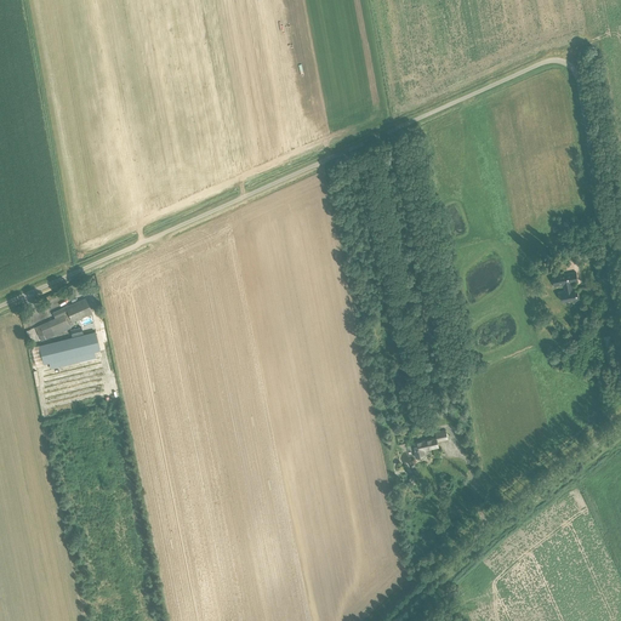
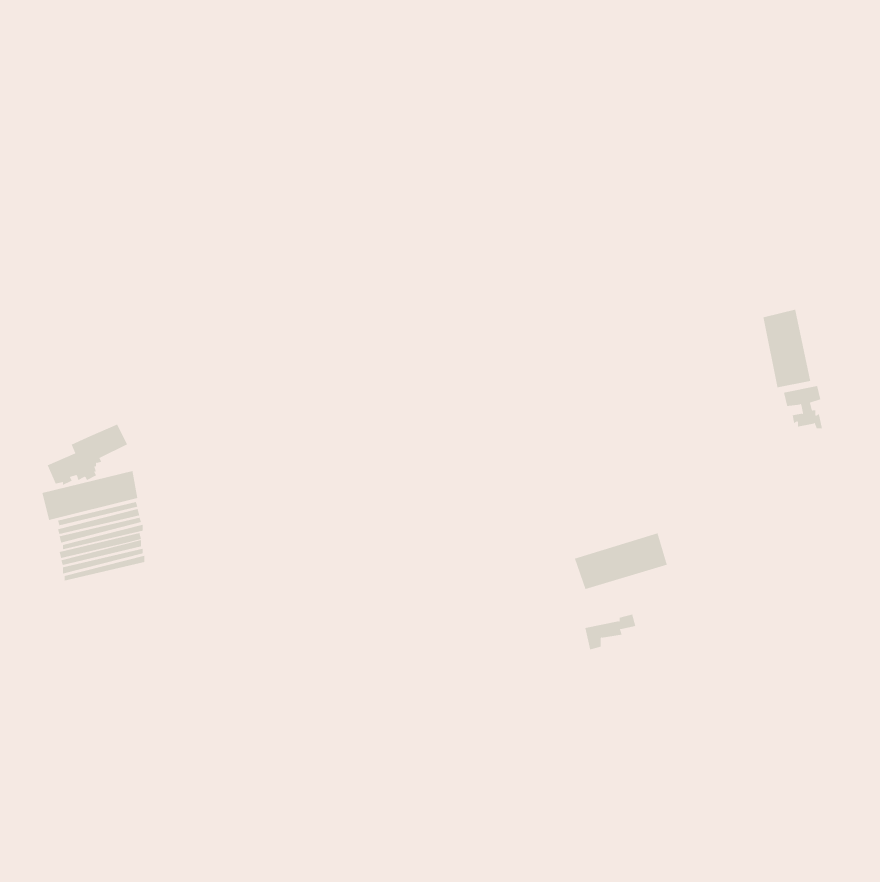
building: none -> [763,309,811,388]
building: none -> [574,533,668,590]

